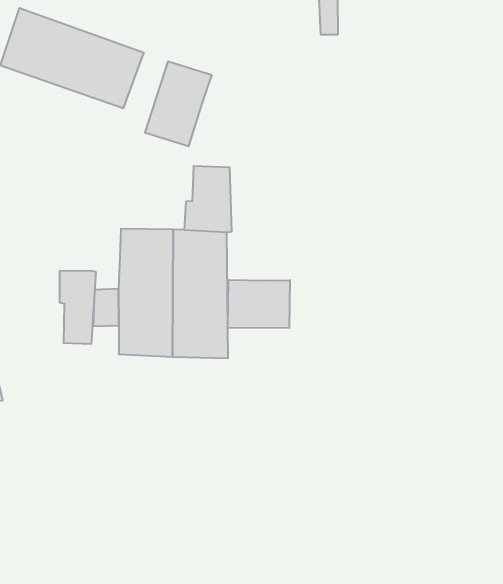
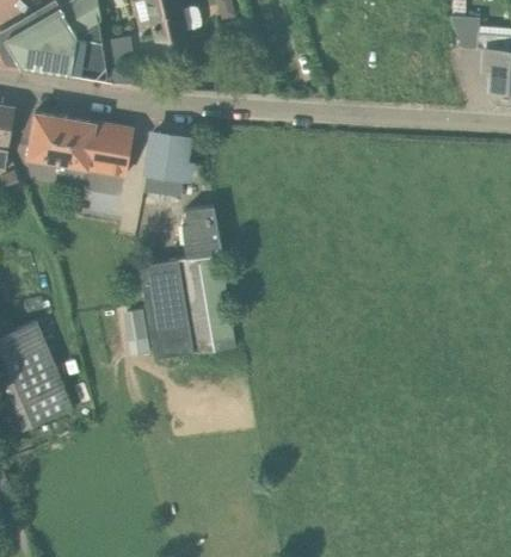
building: [60,271,96,344] -> none
building: [228,280,290,328] -> none

